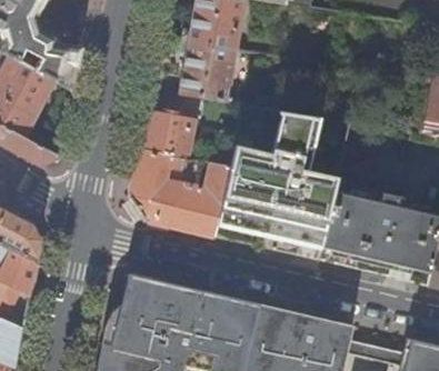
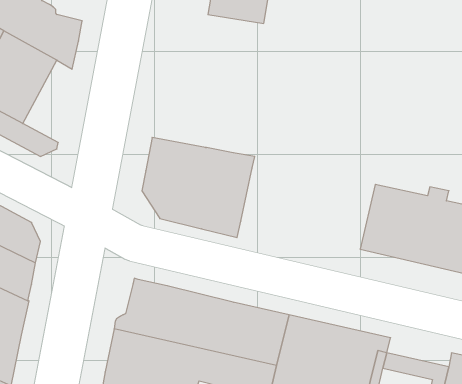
building: [179,42,237,101] -> none
building: [139,107,196,159] -> none
building: [217,110,338,248] -> none

